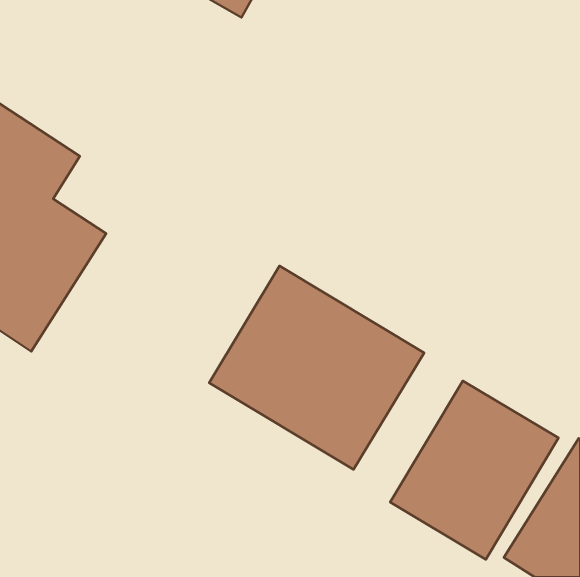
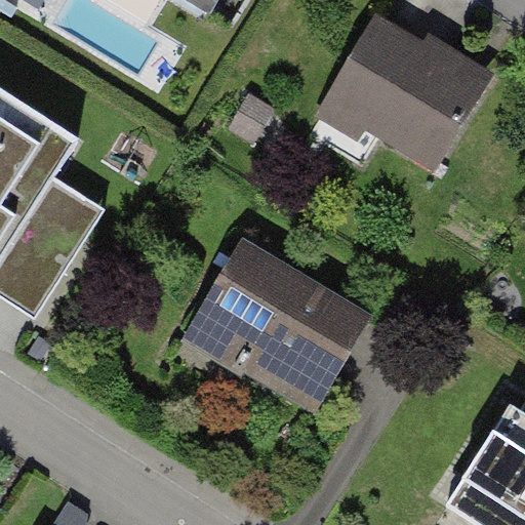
building: none -> [322,11,495,179]
building: [390,381,559,559] -> none

